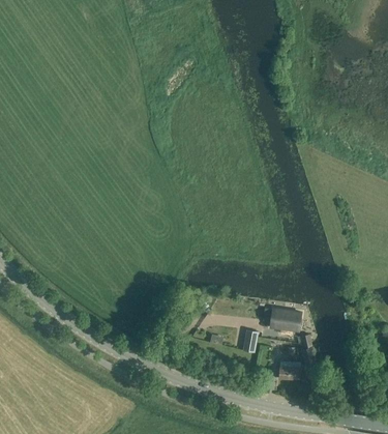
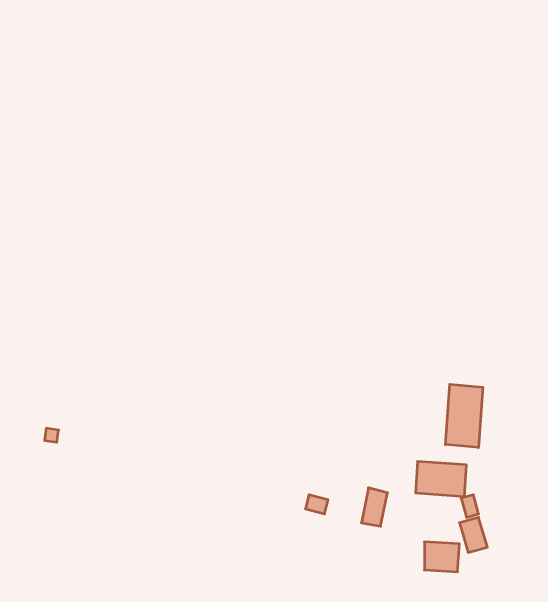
building: none -> [445,384,483,448]

